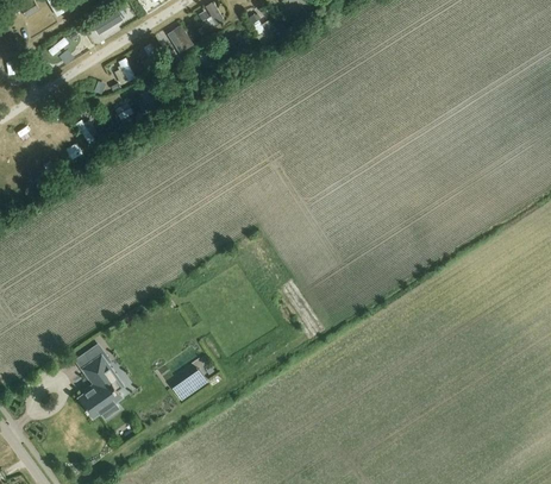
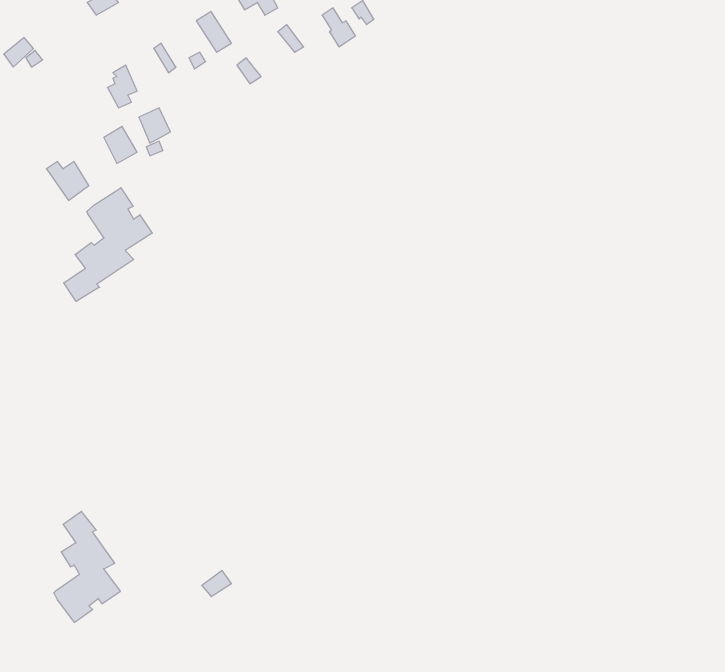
building: none -> [64,188,152,301]

